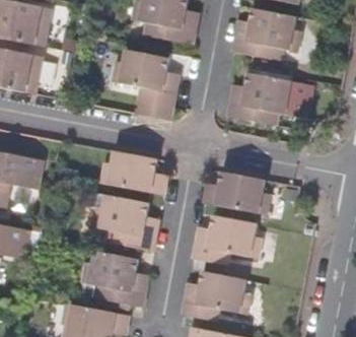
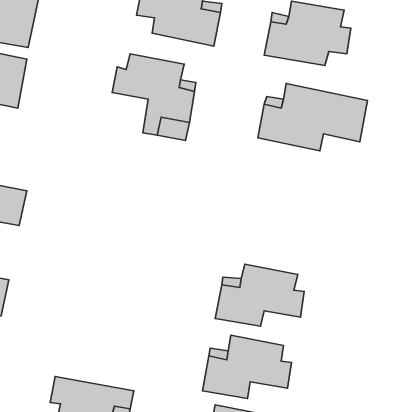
building: [102,151,166,194] -> none
building: [204,171,271,213] -> none
building: [84,192,158,252] -> none
building: [83,253,148,308] -> none

